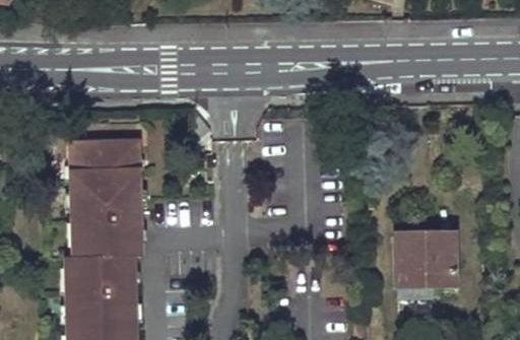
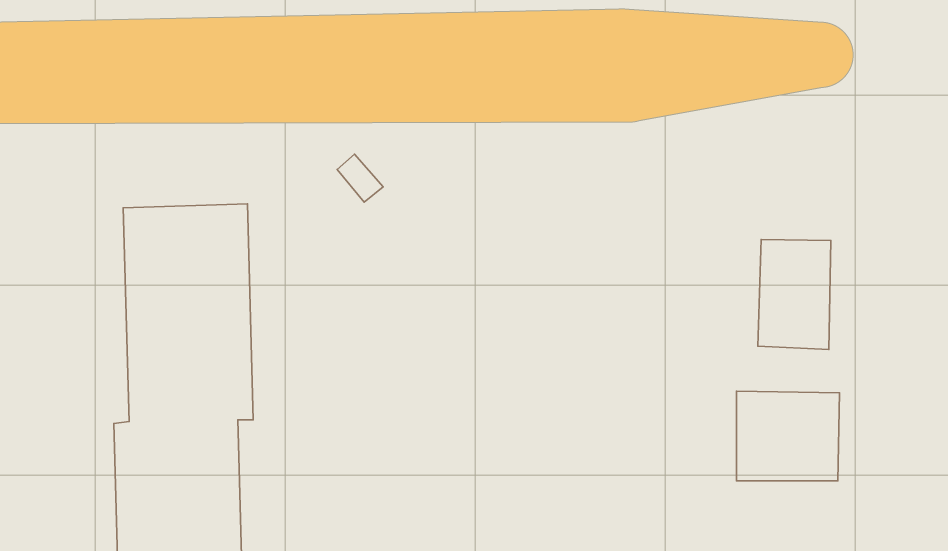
building: none -> [758,239,831,349]

